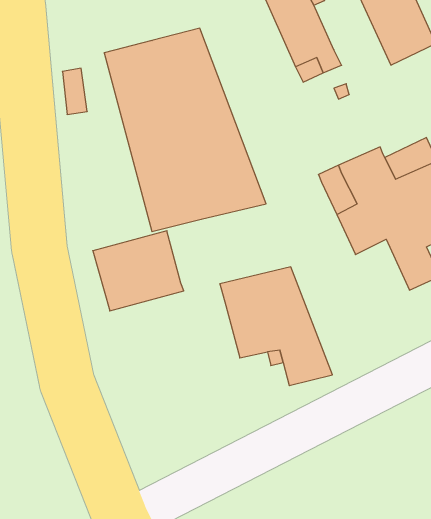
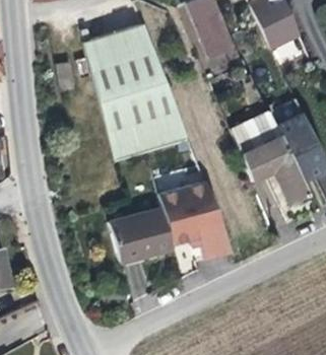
building: [93,231,184,311] -> [114,208,174,261]

